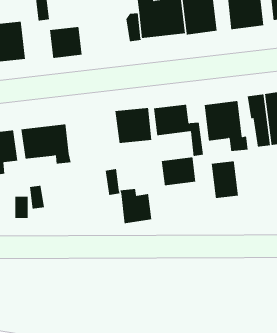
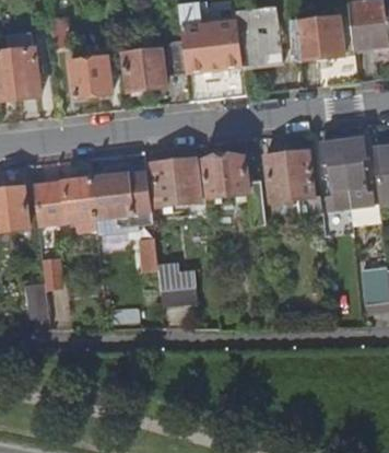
building: none -> [123,48,165,93]
building: none -> [91,173,154,224]
building: [161,157,196,186] -> none
building: [211,161,239,199] -> none

